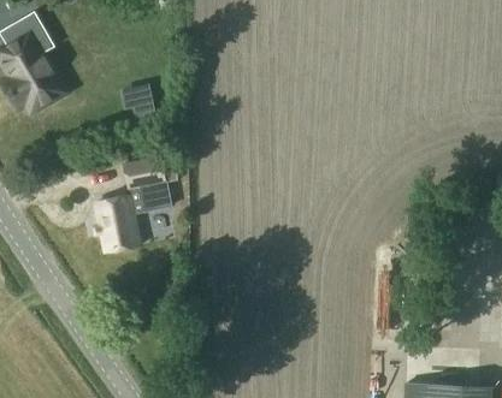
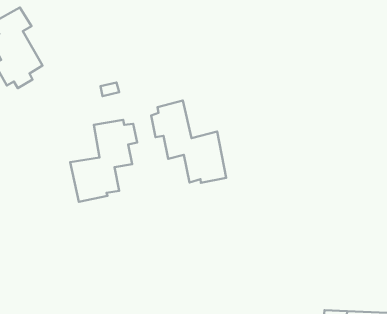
building: none -> [151,100,226,183]

